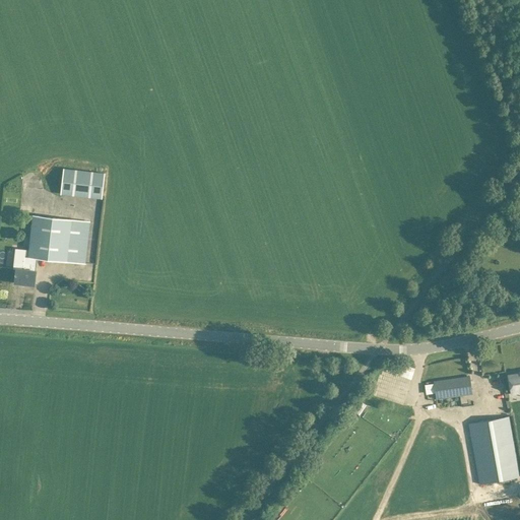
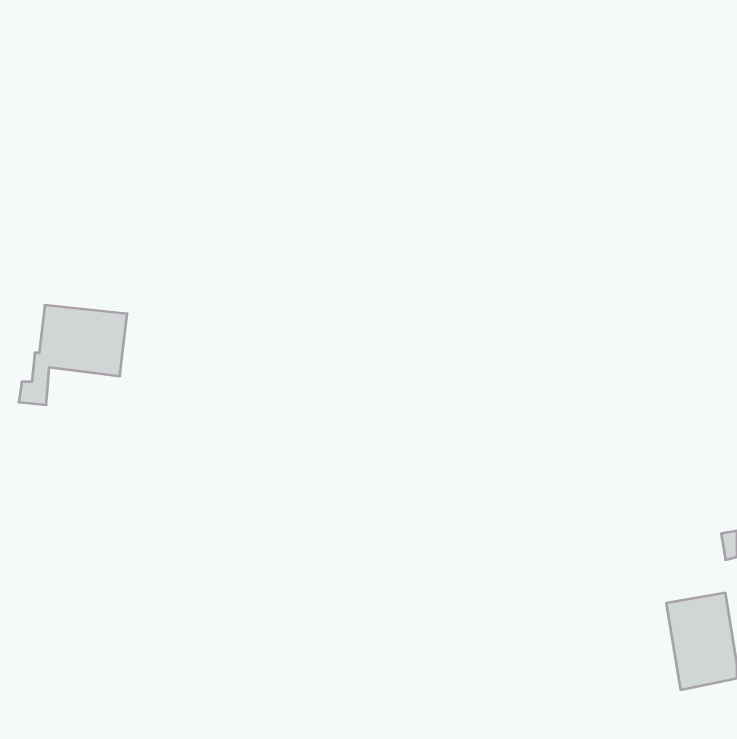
building: [59,169,104,199] -> none
building: [433,376,471,399] -> none

